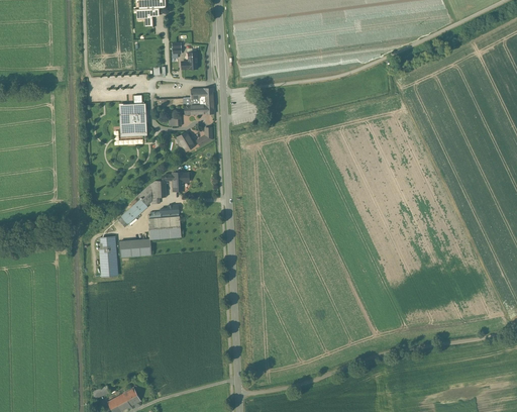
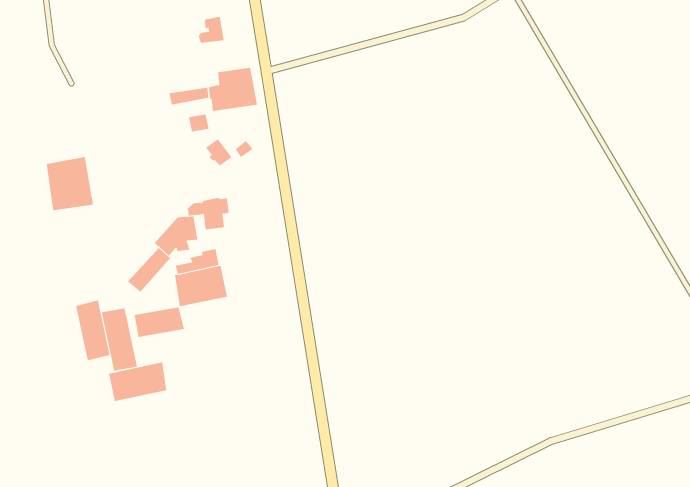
building: [118,103,146,136] -> [46,156,94,211]
building: none -> [76,300,110,361]
building: none -> [109,362,167,402]

